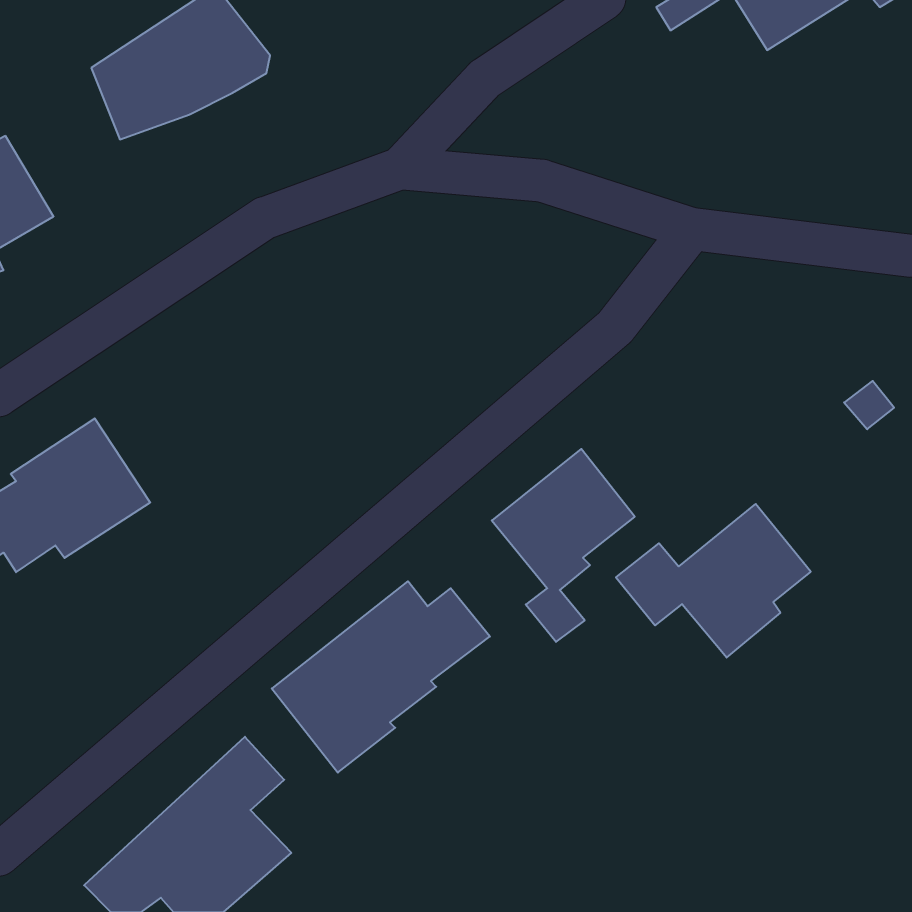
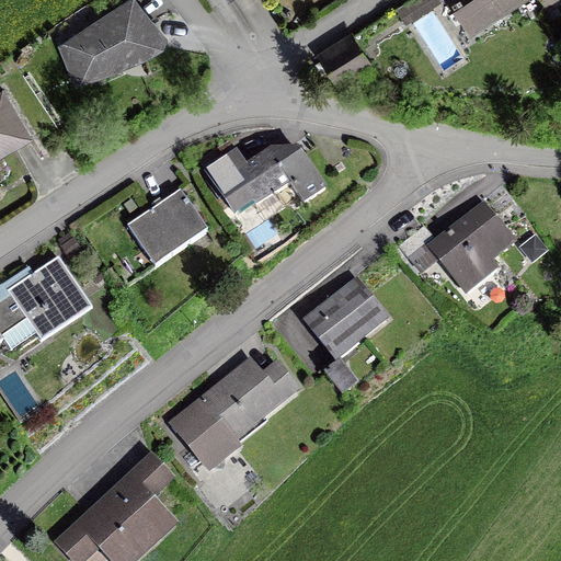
building: none -> [313,27,369,82]
building: none -> [203,145,327,215]
building: none -> [126,188,207,266]
building: [616,504,811,658] -> [397,199,516,294]

